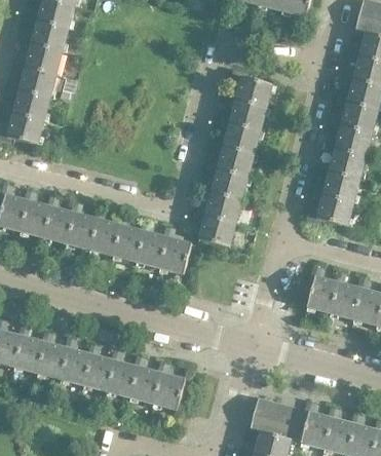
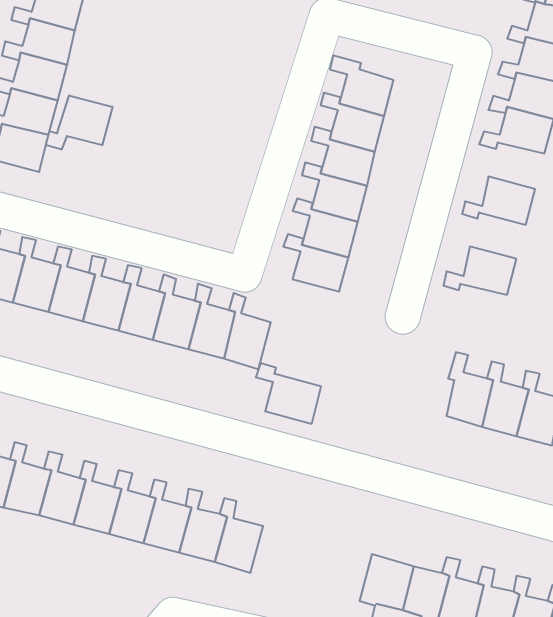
building: none -> [46,95,112,150]
building: [323,126,372,157] -> none
building: [311,173,359,203] -> none
building: [193,210,236,250] -> [256,363,321,424]

